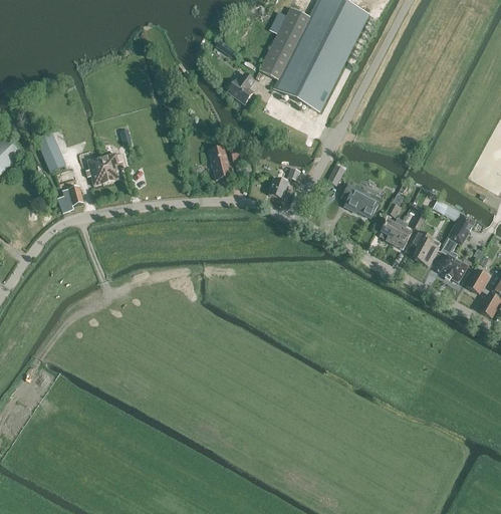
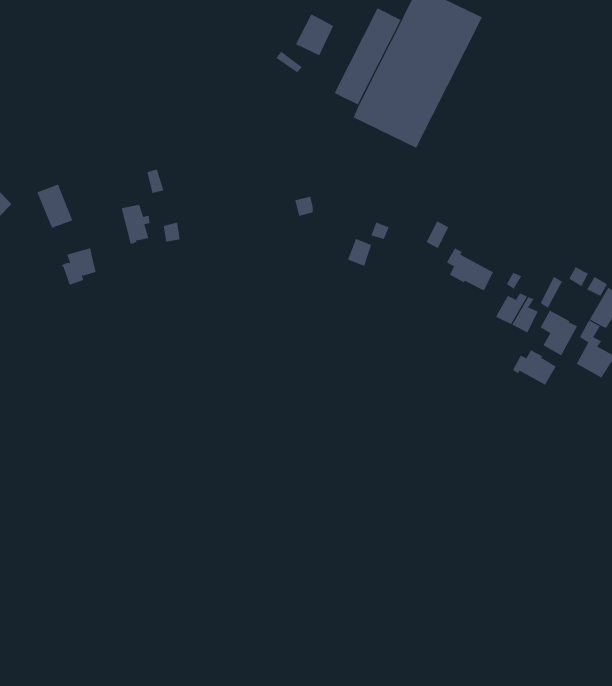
building: none -> [295,14,334,56]
building: [227,73,254,103] -> none
building: [208,147,231,180] -> none
building: [85,156,108,185] -> none
building: none -> [512,349,556,385]

